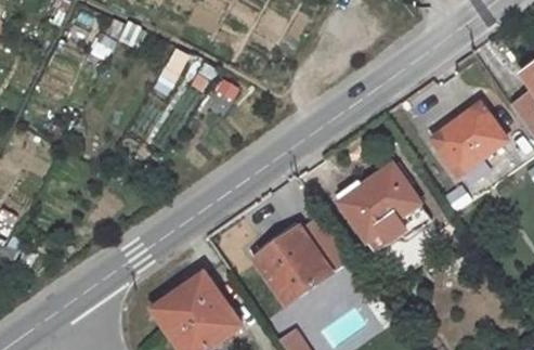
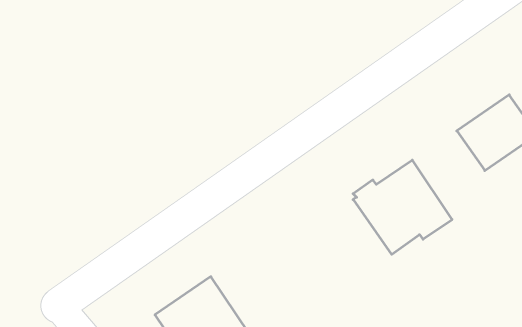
building: [257,221,327,296] -> none

